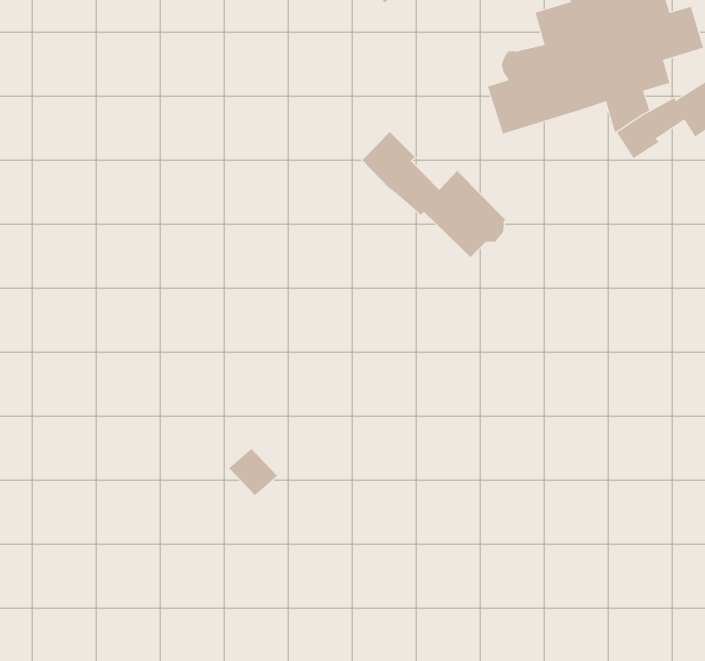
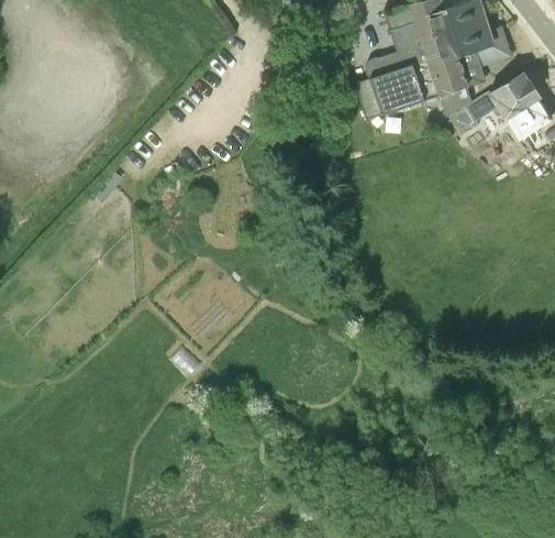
building: [362,131,507,258] -> none

